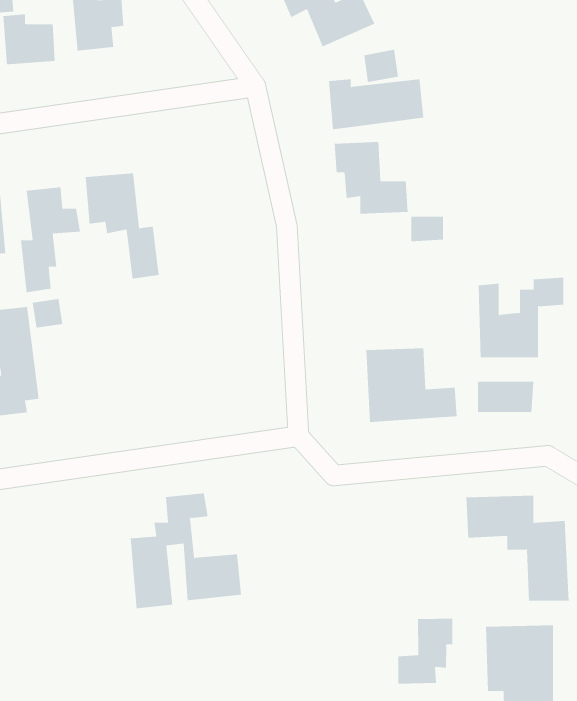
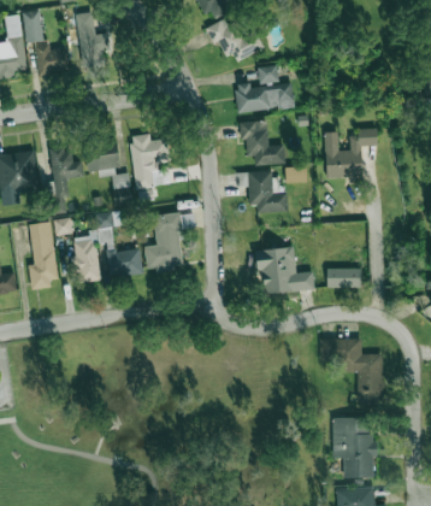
building: none -> [130,133,170,188]
building: none -> [248,170,287,212]
building: [478,277,564,358] -> [325,128,378,177]
building: none -> [146,212,185,272]
building: [130,493,242,609] -> [75,211,143,282]
building: [398,618,453,685] -> none

